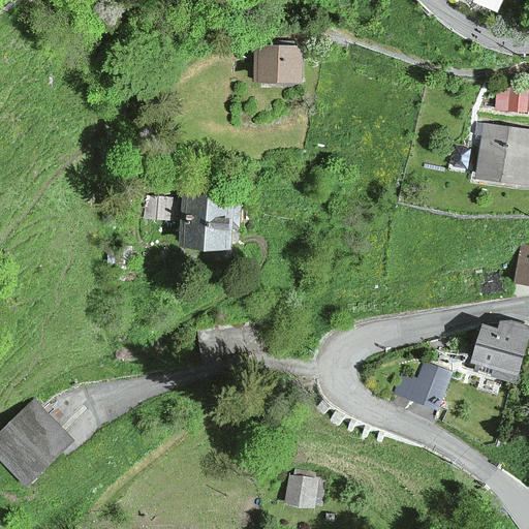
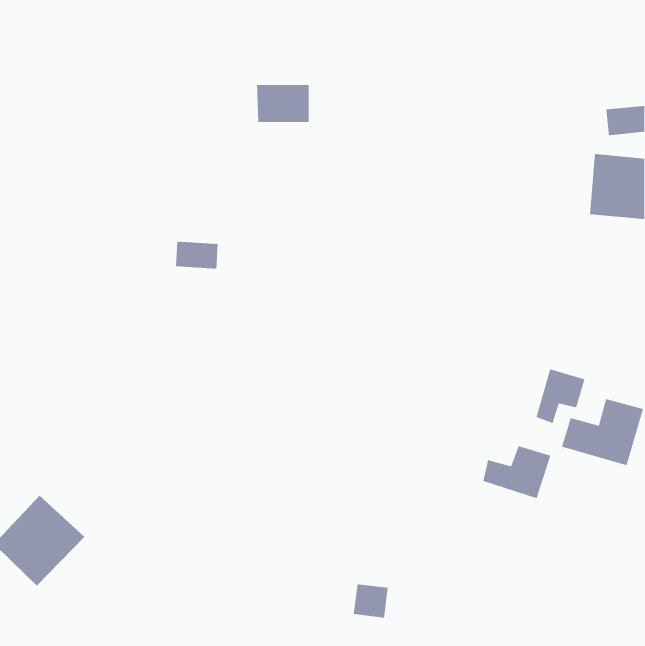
building: [259,46,303,77] -> [256,84,310,123]
building: [185,196,235,243] -> none
building: none -> [536,369,585,424]

